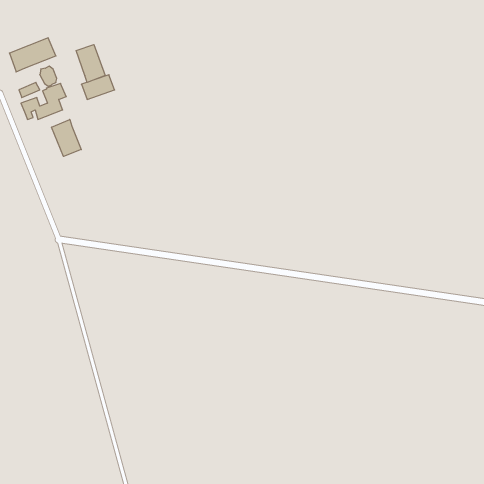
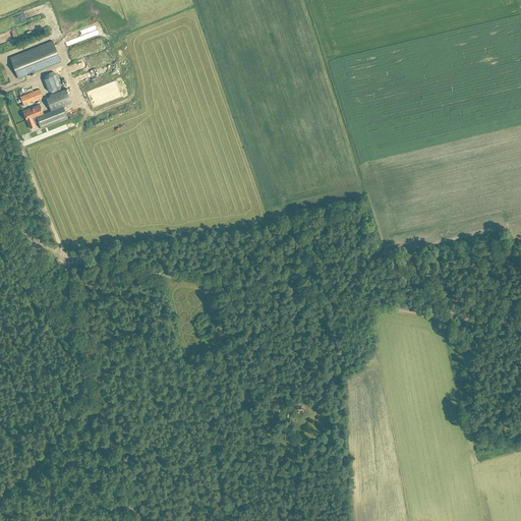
building: [76,45,105,82] -> none
building: [52,119,81,156] -> none

